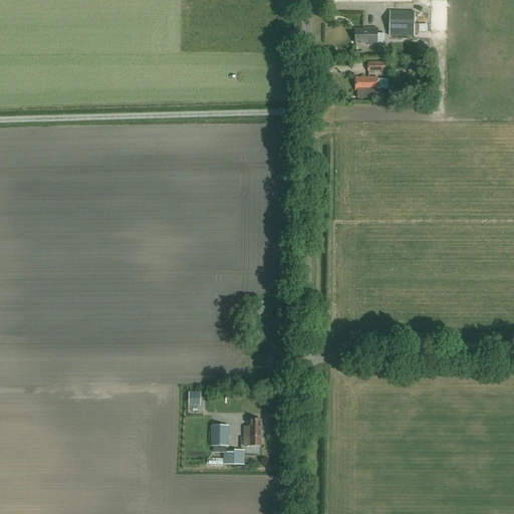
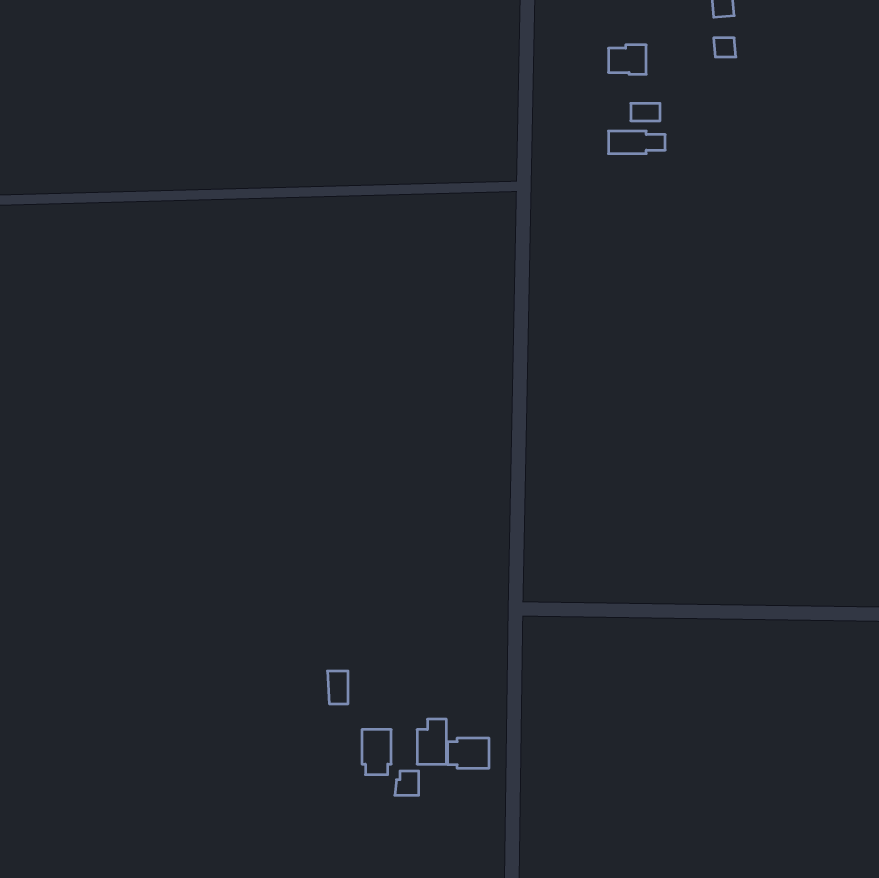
building: [389,10,414,35] -> none
building: none -> [448,738,489,768]

